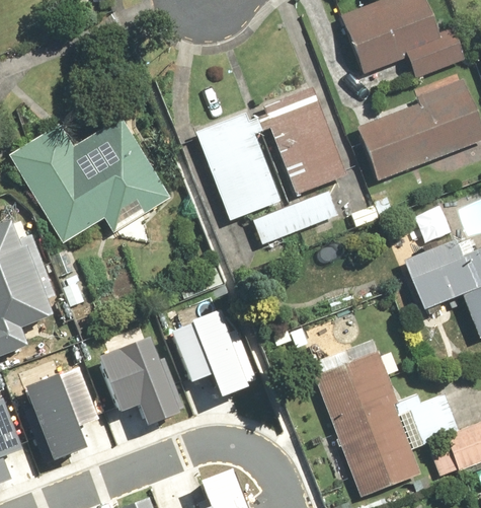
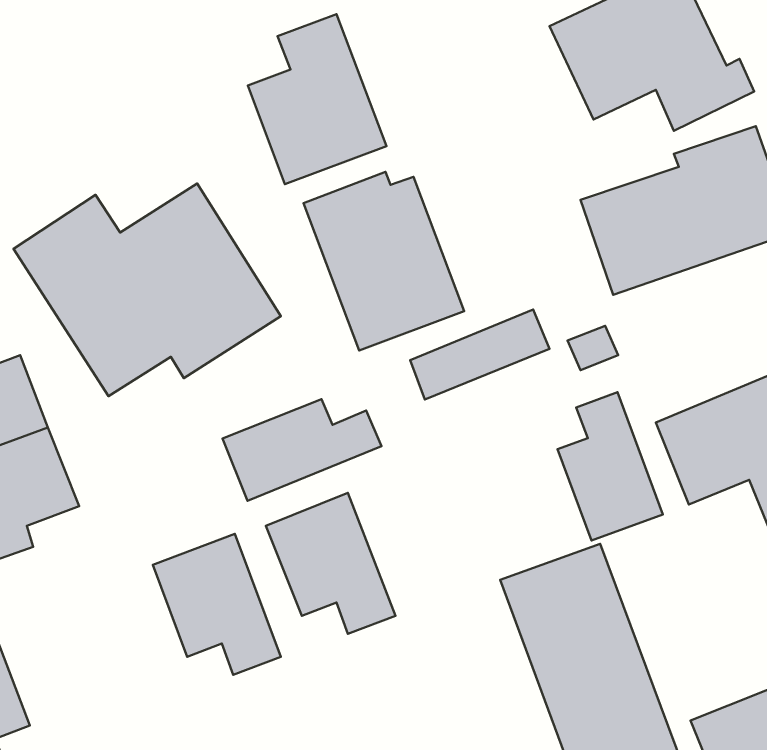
building: none -> [248,14,387,184]
building: [257,77,351,194] -> none
building: none -> [558,392,663,540]
building: none -> [222,399,381,501]
building: [25,366,97,452] -> none

